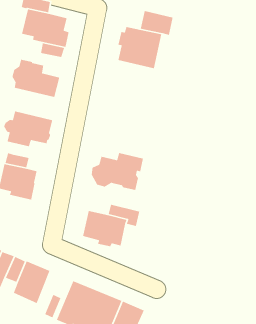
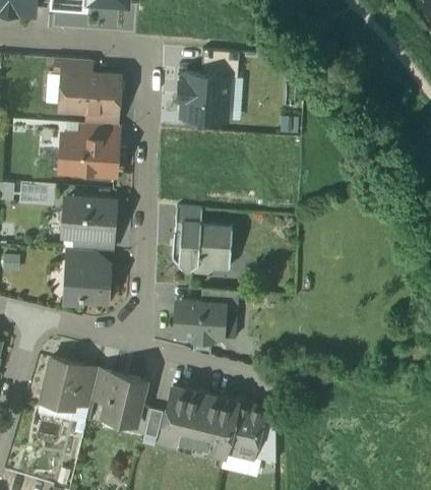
building: none -> [81,125,118,149]
building: none -> [176,208,202,236]
building: none -> [77,231,115,252]

